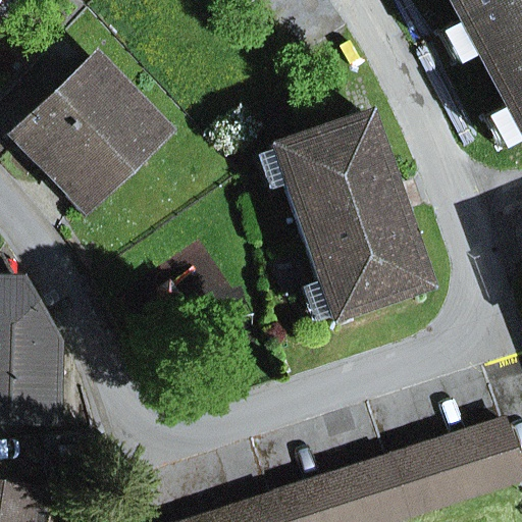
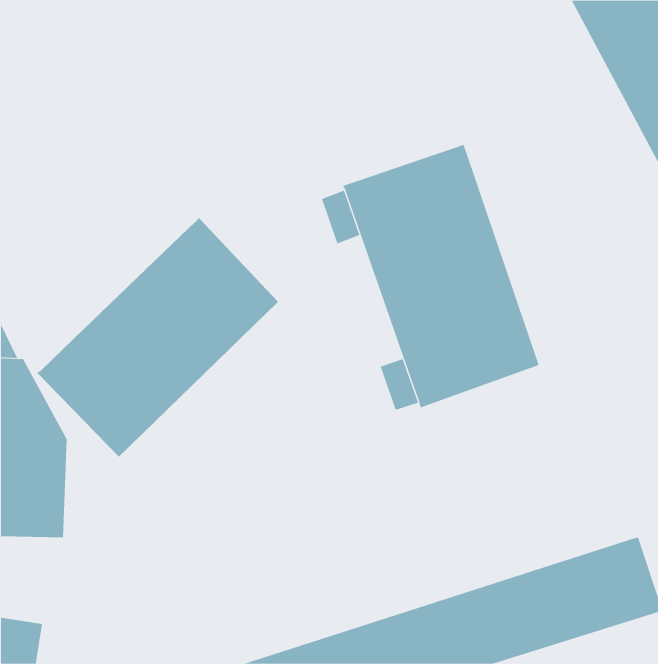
building: [24,66,159,200] -> none
building: none -> [36,217,279,457]

